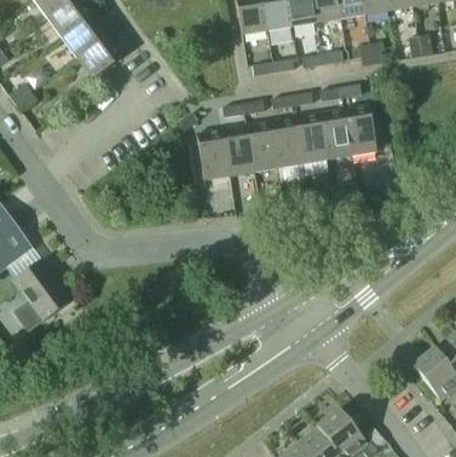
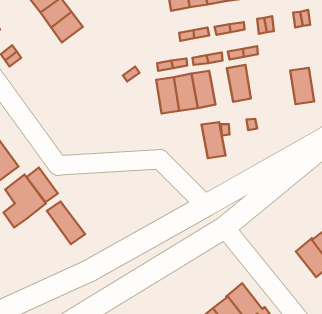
building: [344,105,376,155] -> [290,68,314,104]
building: [294,114,327,163] -> [202,122,225,158]
building: [196,129,229,180] -> none
building: none -> [27,168,58,202]
building: none -> [47,201,85,244]

